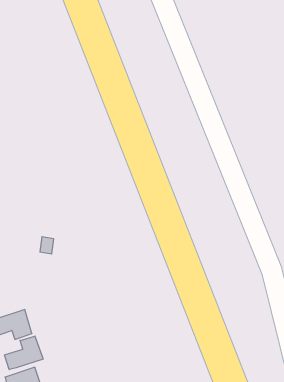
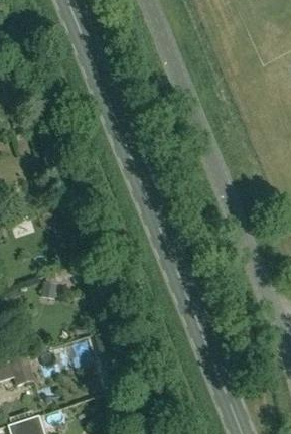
building: [5,336,43,370] -> none

